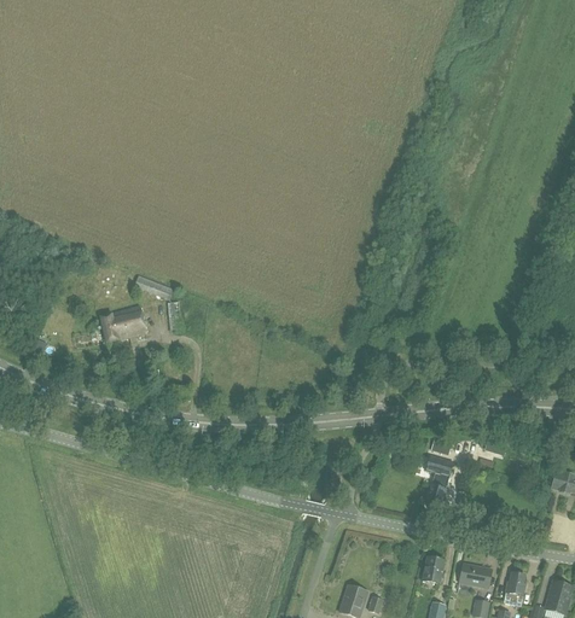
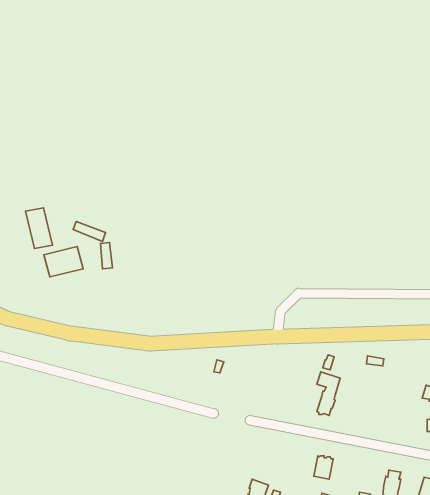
building: none -> [25,208,53,249]
building: [459,562,492,587] -> none

